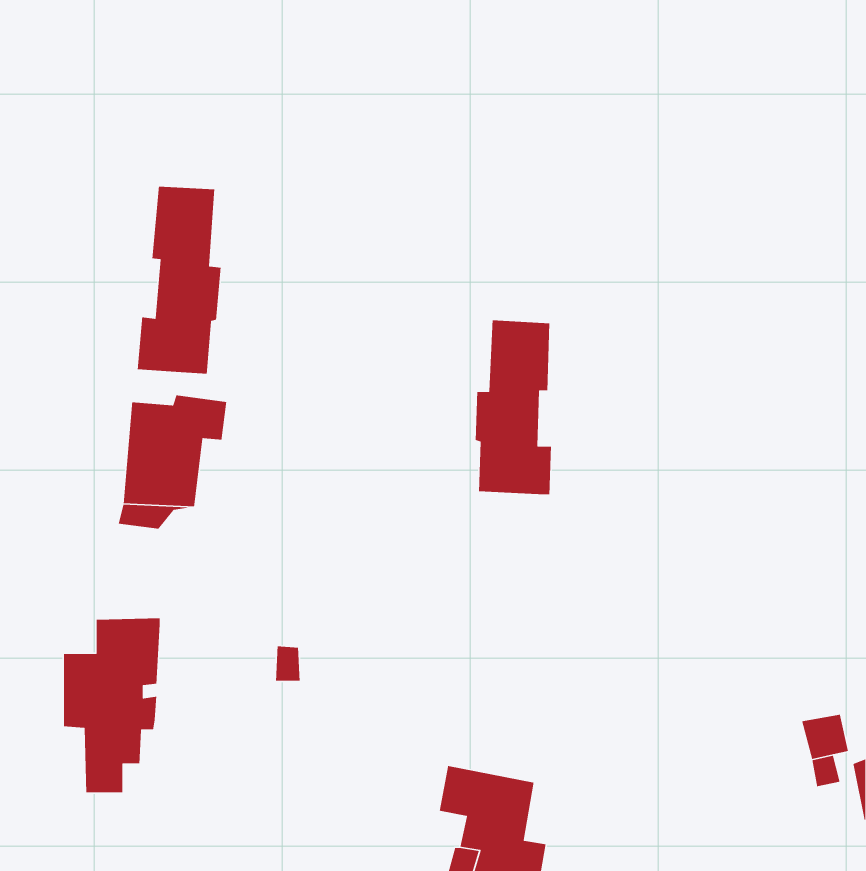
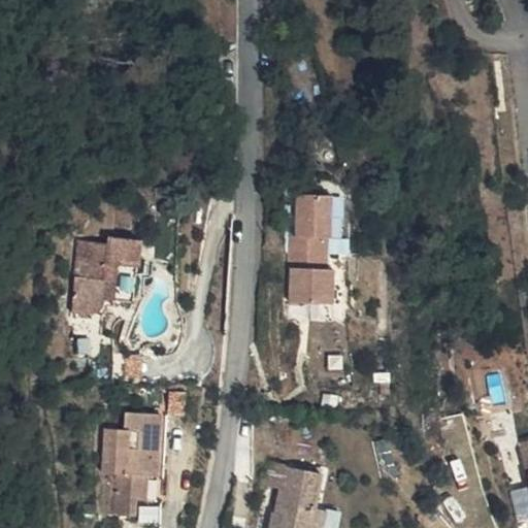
building: [137,186,221,375] -> none
building: [63,617,161,793] -> [103,411,162,518]

